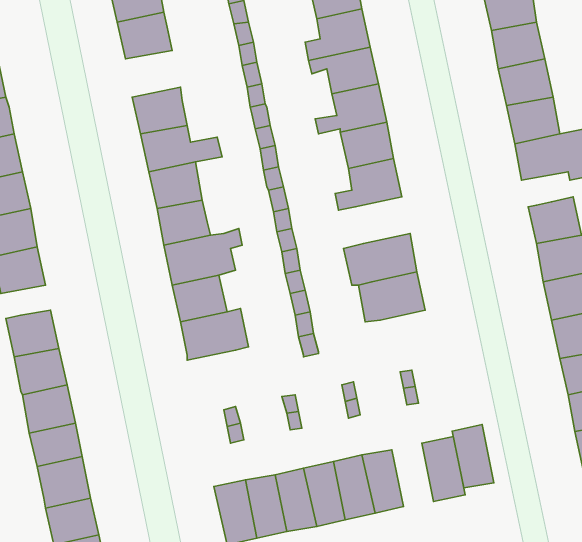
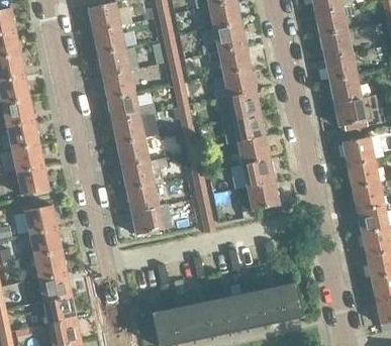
building: none -> [97,47,130,76]
building: none -> [236,136,270,164]
building: [452,425,494,488] -> [259,285,284,324]

